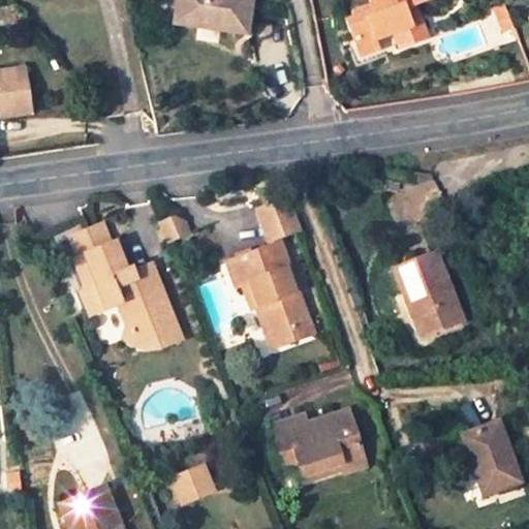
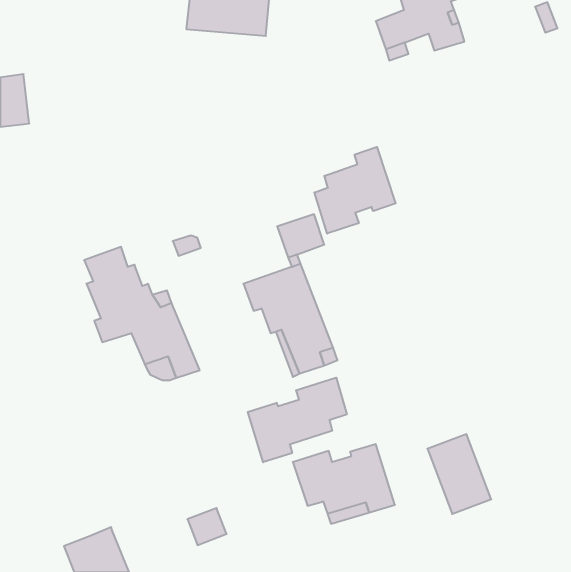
building: none -> [314,147,396,234]
building: [394,252,463,336] -> none
building: none -> [248,378,347,462]
building: [462,421,521,494] -> [427,434,491,514]

